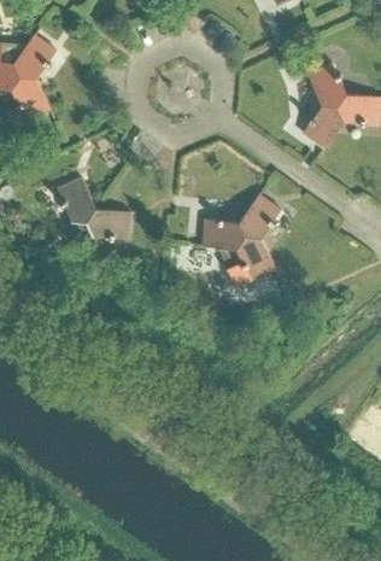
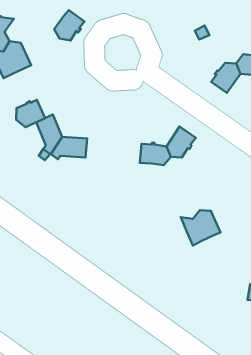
building: [13,34,55,76] -> [54,10,84,40]
building: [307,62,347,105] -> none
building: none -> [16,100,45,127]
building: [219,235,275,285] -> [181,210,220,245]

